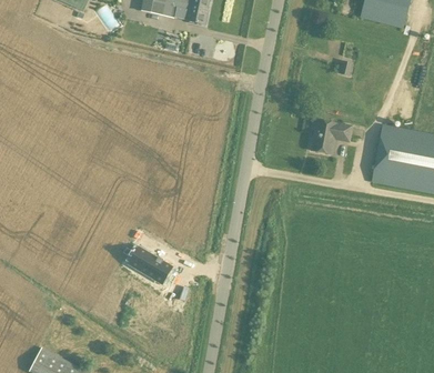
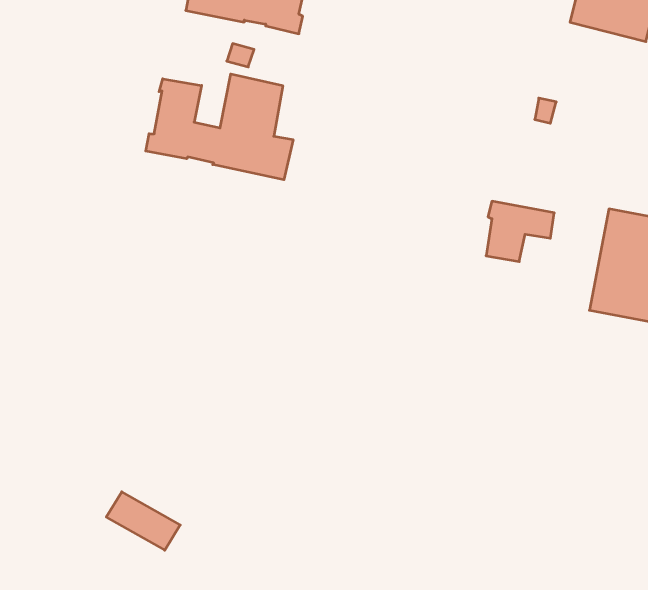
building: none -> [146,74,293,180]
building: [129,248,171,281] -> [106,492,180,550]

